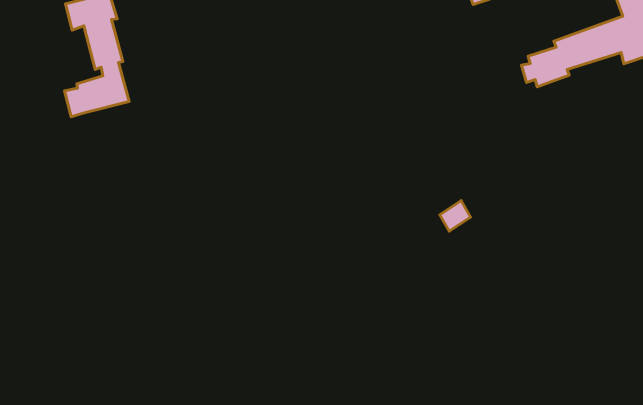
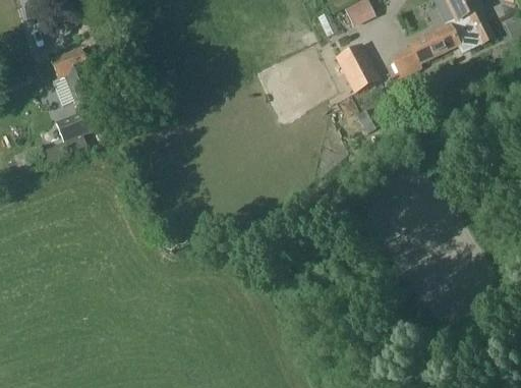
building: none -> [334,44,379,92]

